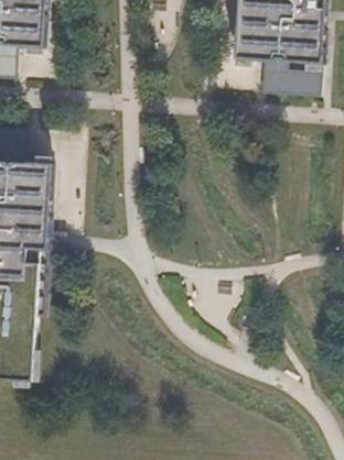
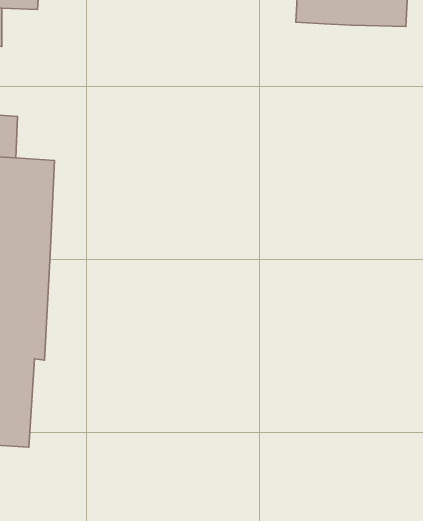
building: [255,56,313,92] -> none

